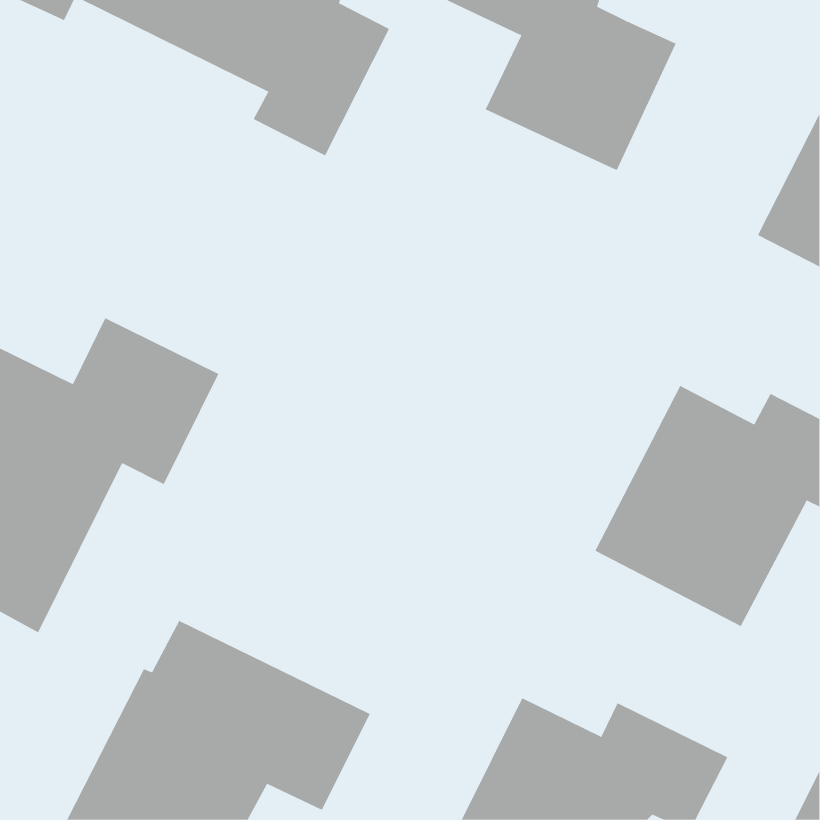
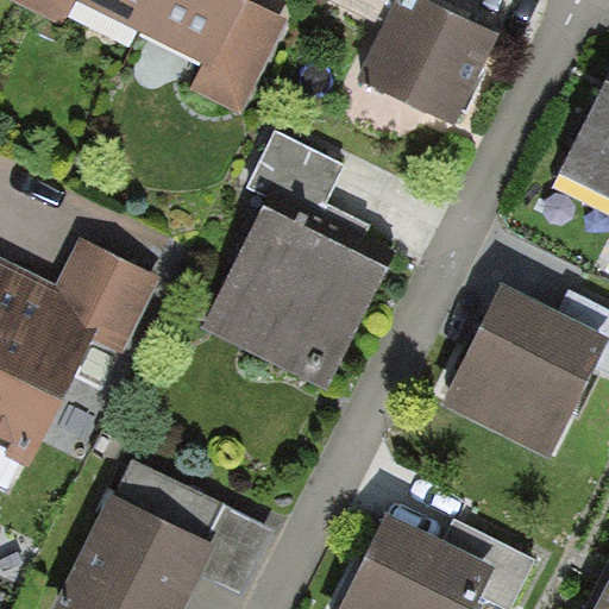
building: none -> [203,133,384,387]

